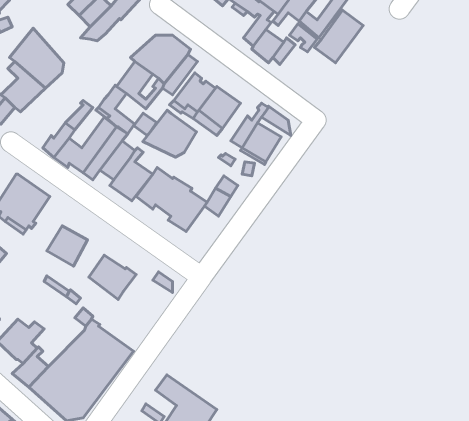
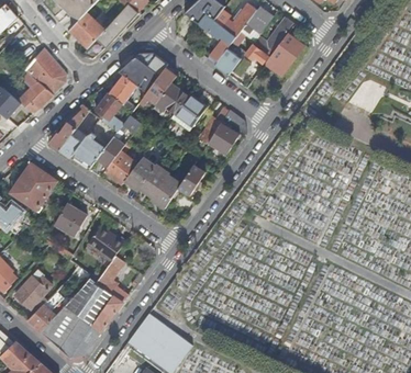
building: [143,110,197,157] -> none
building: none -> [95,255,126,302]

